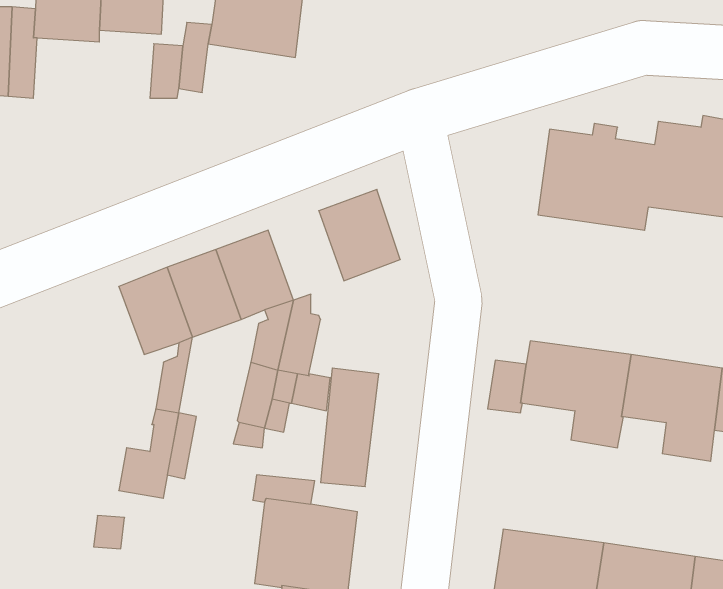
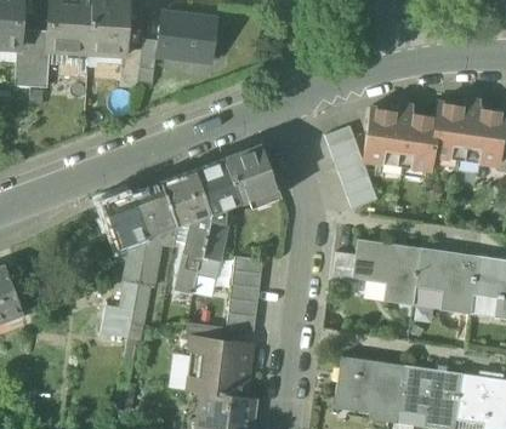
building: none -> [325,126,377,210]
building: none -> [194,159,241,215]
building: none -> [138,227,177,287]

